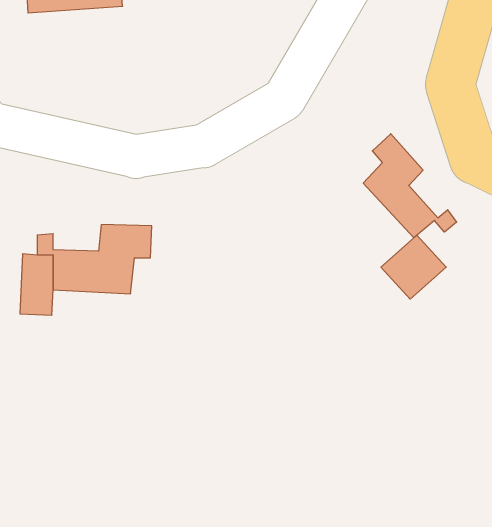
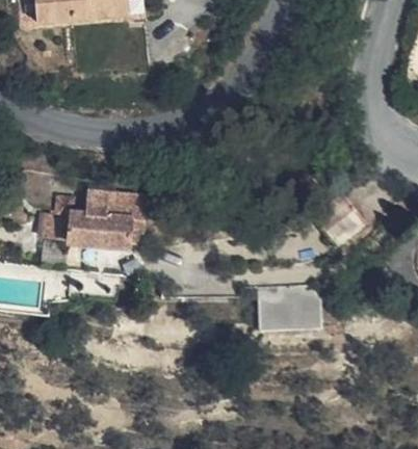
building: [363,134,457,238] -> none
building: none -> [256,292,323,331]

